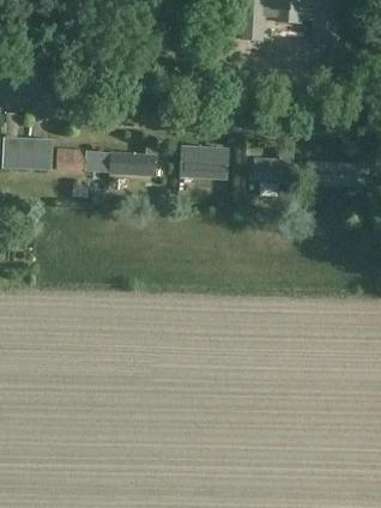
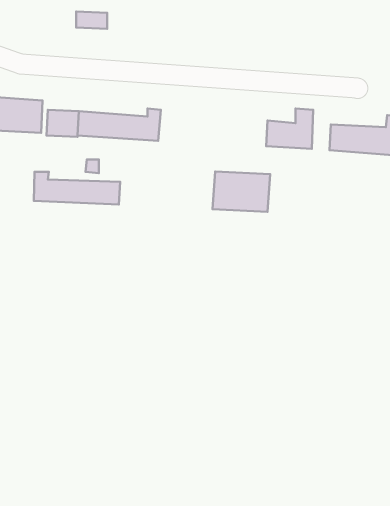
building: [179,145,230,181] -> [212,172,270,212]
building: none -> [34,172,120,204]

